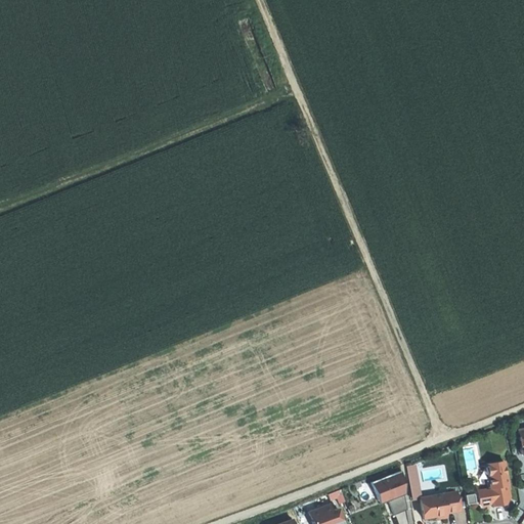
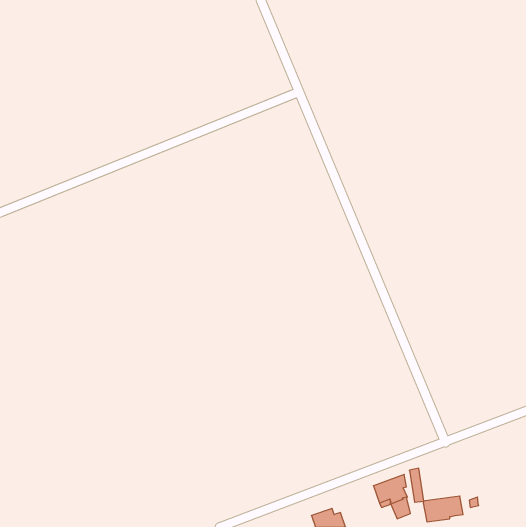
building: [478,462,511,507] -> none

